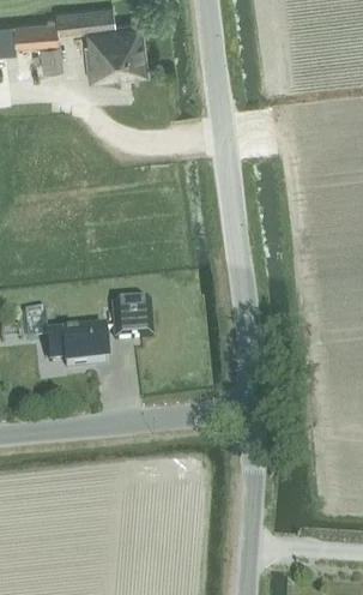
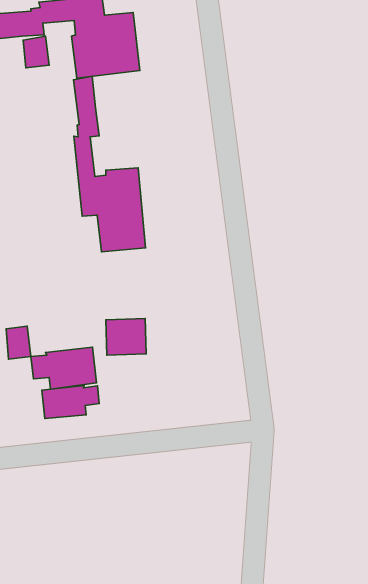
building: none -> [74,76,145,252]
building: none -> [42,386,99,418]

